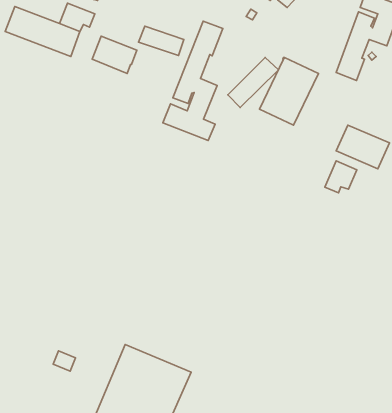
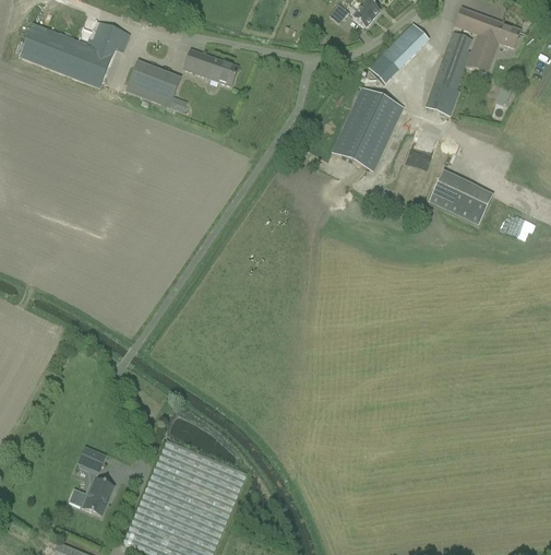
building: [163,21,223,141] -> none
building: [228,57,278,107] -> [366,23,428,84]
building: [325,161,357,193] -> none
building: none -> [83,477,115,516]

